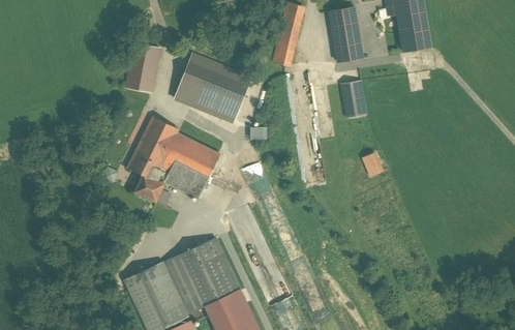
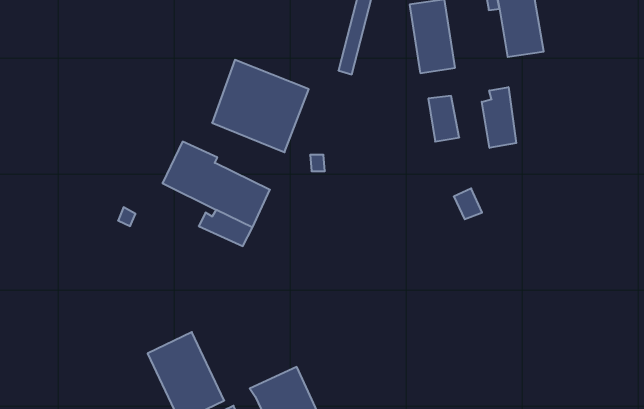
building: [126,43,159,91] -> none
building: none -> [482,87,516,148]
building: [128,148,179,201] -> none
building: [164,237,241,313] -> none

